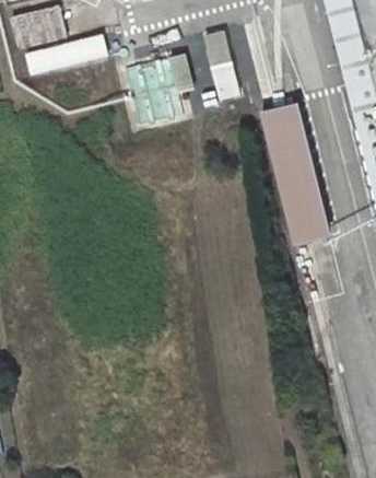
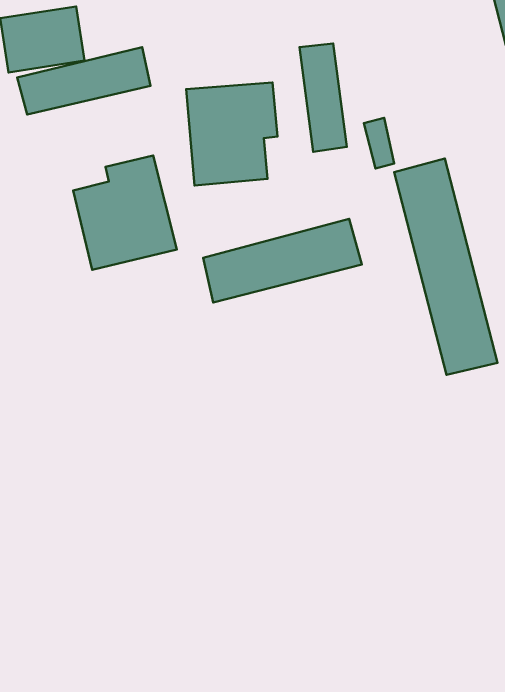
building: none -> [73,156,177,270]
building: none -> [203,219,362,302]

